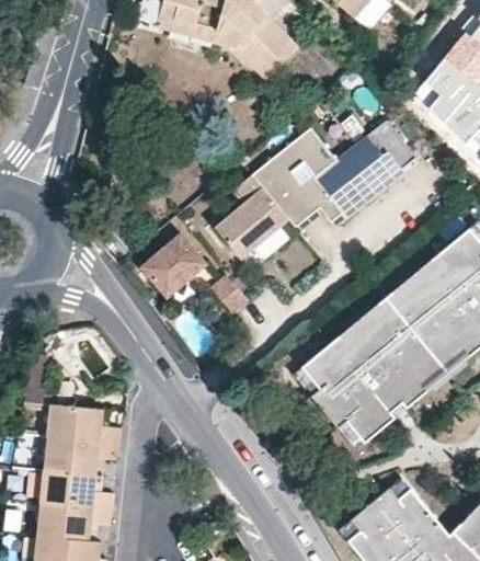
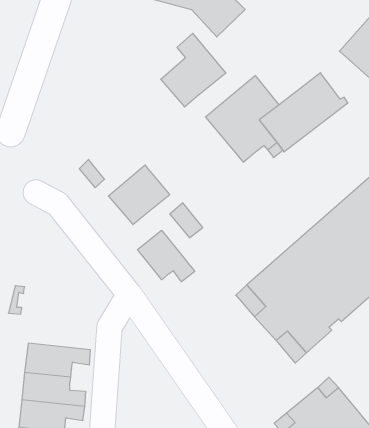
building: [217,173,293,259] -> [161,33,226,107]
building: none -> [138,230,195,282]
building: [48,403,123,444] -> none

